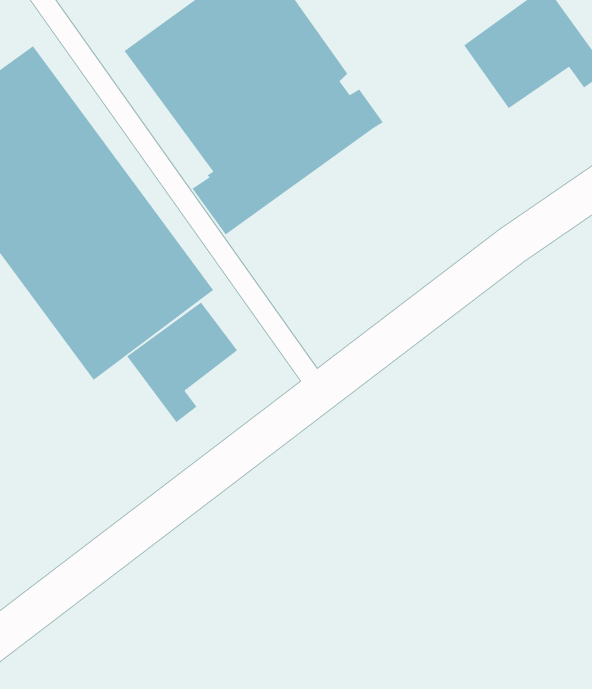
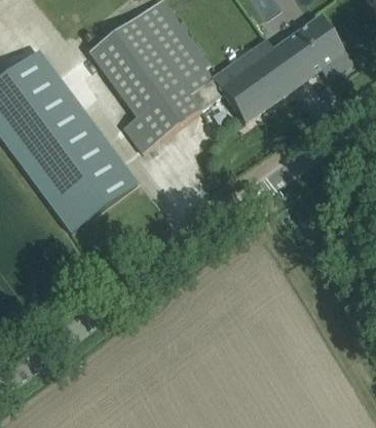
building: none -> [217,39,298,123]
building: [126,301,238,423] -> none

